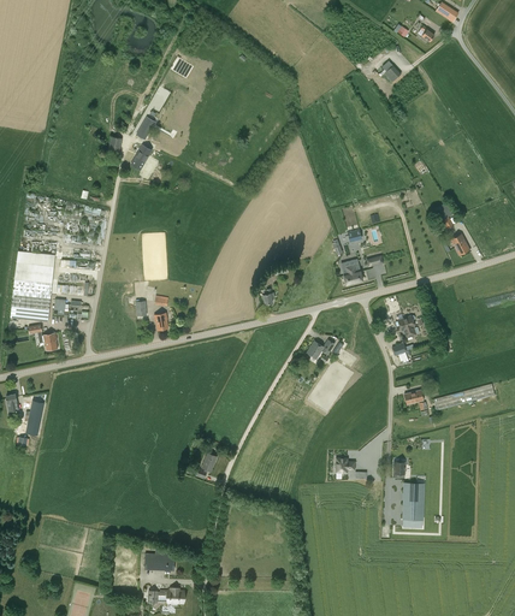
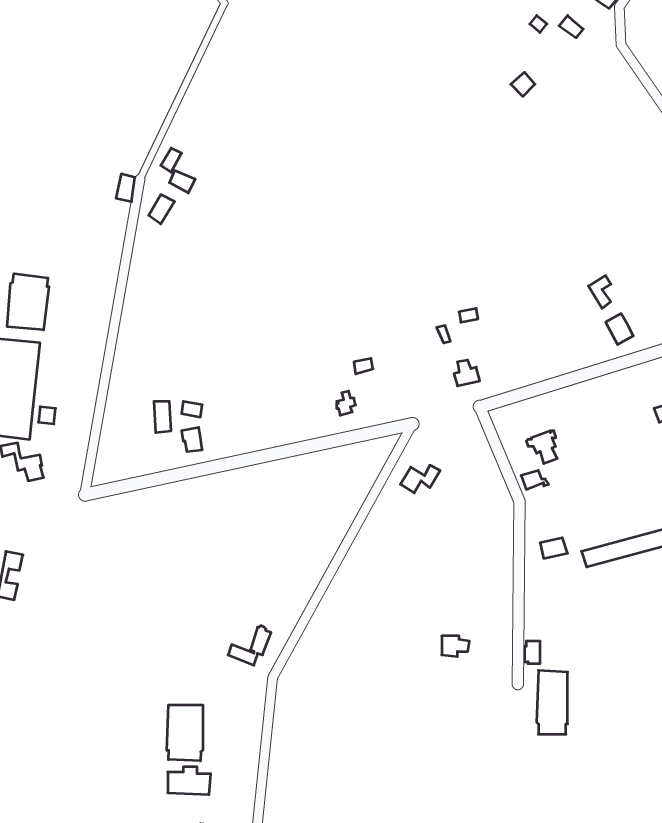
building: none -> [7,274,49,330]
building: none -> [167,705,203,761]

